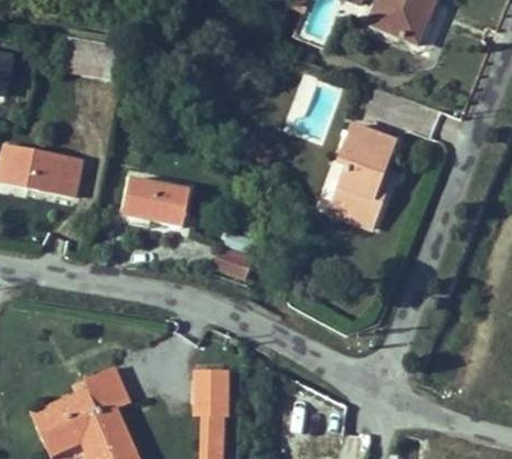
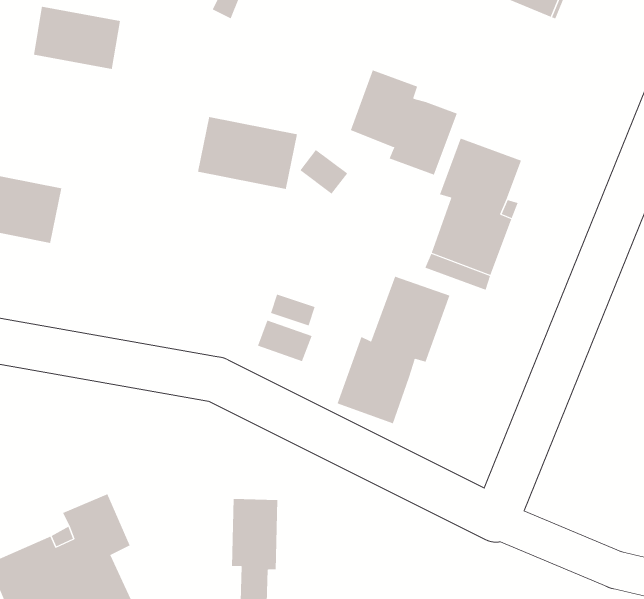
building: none -> [350,69,458,176]
building: [121,177,190,226] -> [197,116,298,190]
building: none -> [337,276,450,424]

